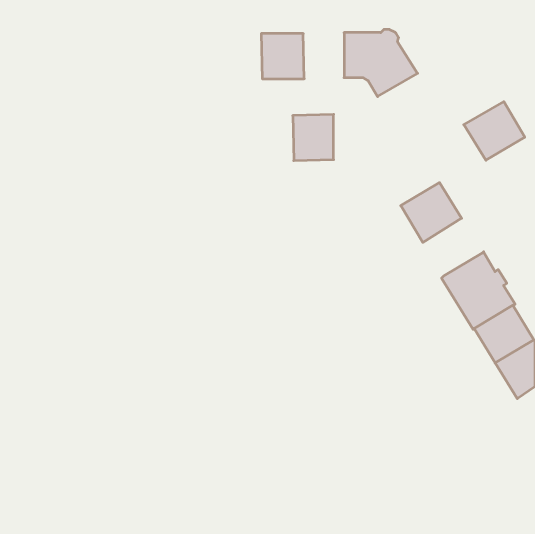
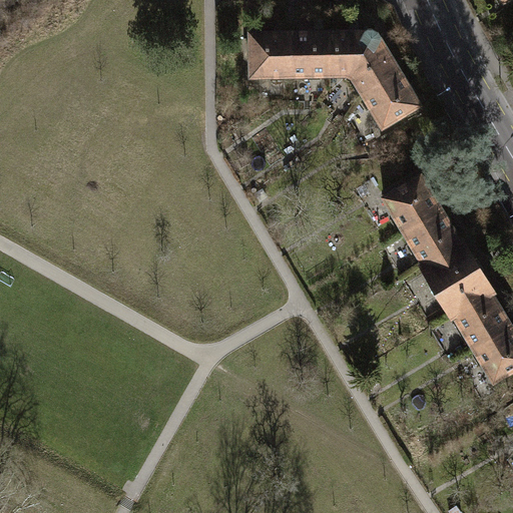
building: [464,102,525,160] -> [361,72,419,128]
building: [293,114,334,161] -> [290,33,329,77]
building: none -> [404,210,461,266]

